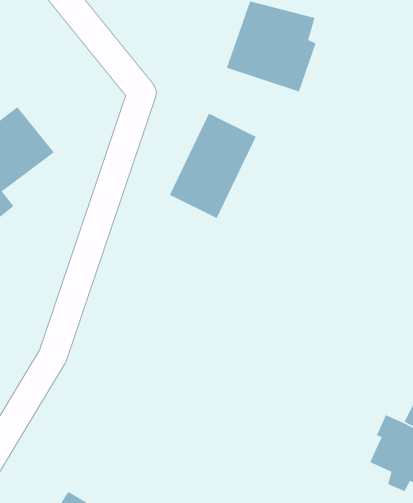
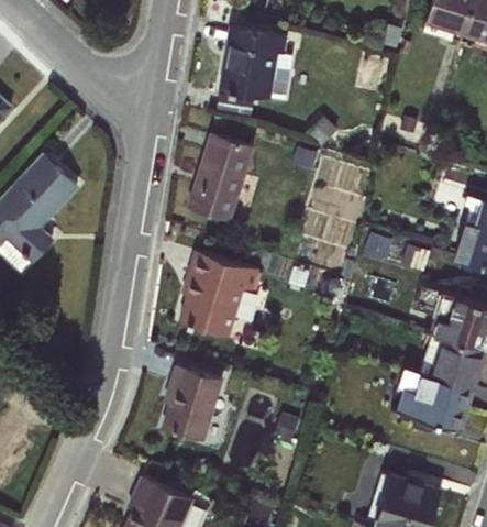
building: none -> [178,254,259,338]
building: none -> [161,367,223,443]

